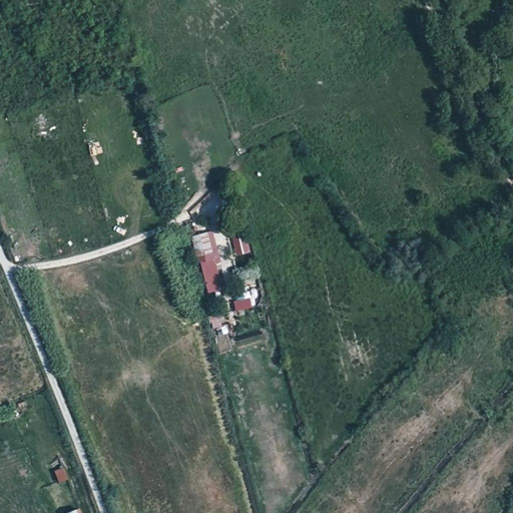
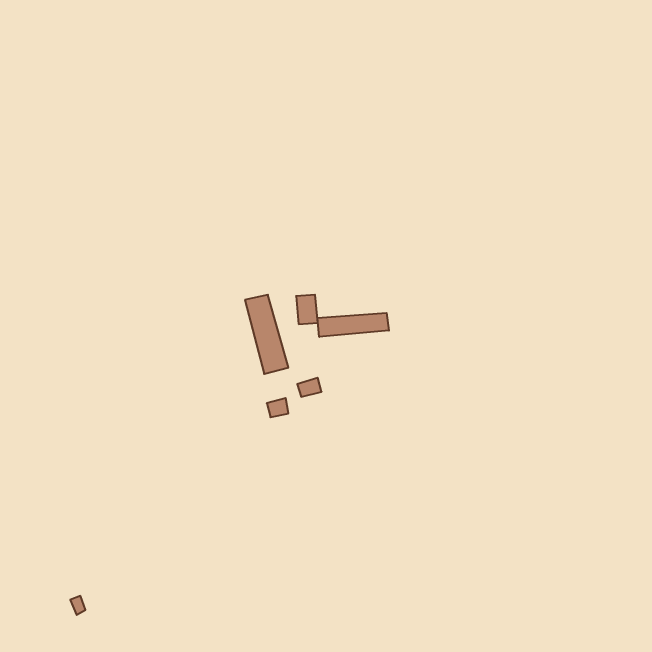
building: none -> [318,313,389,337]

